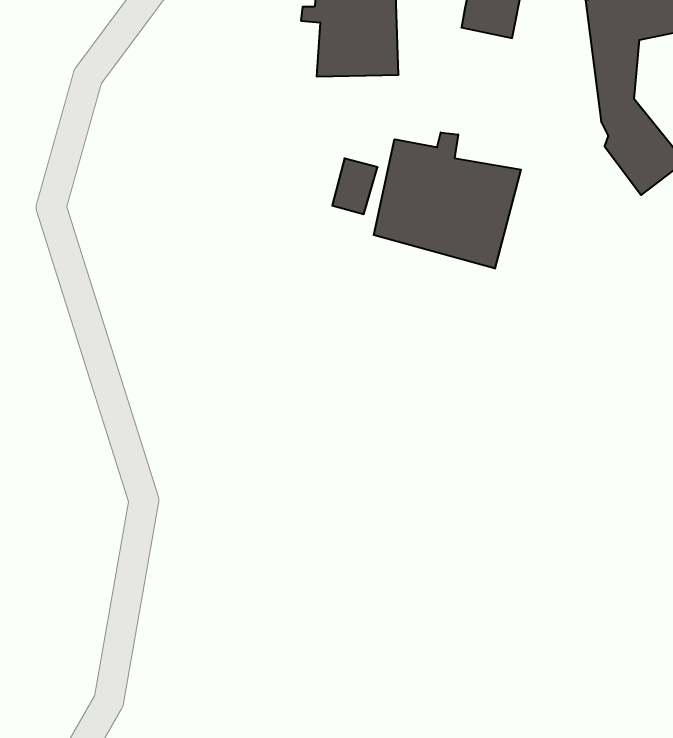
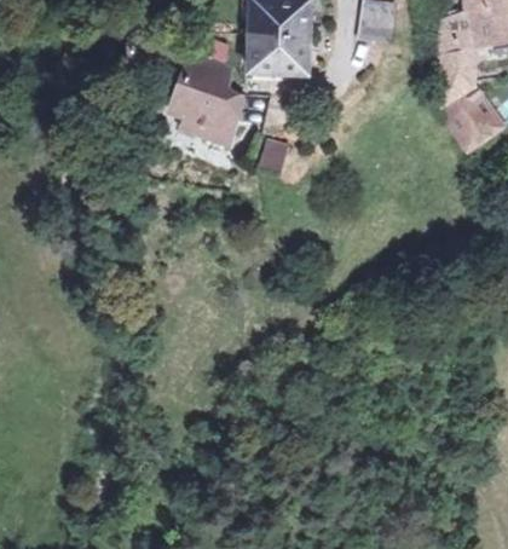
building: none -> [172,52,244,143]
building: [374,132,521,269] -> none

